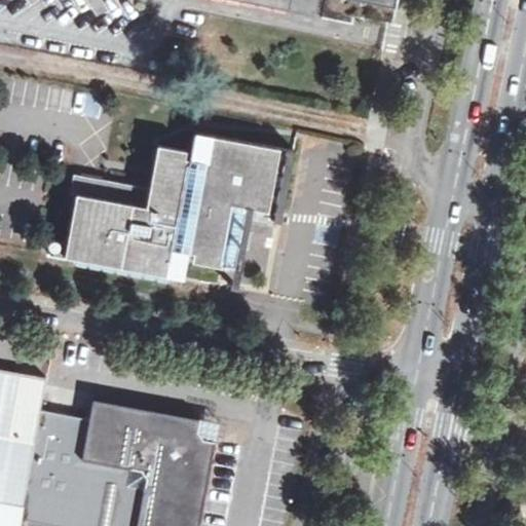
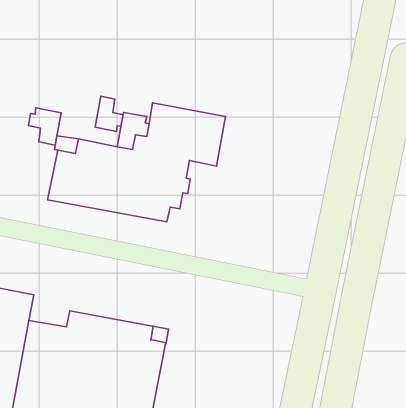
building: none -> [95,96,123,132]
building: none -> [29,108,61,145]

